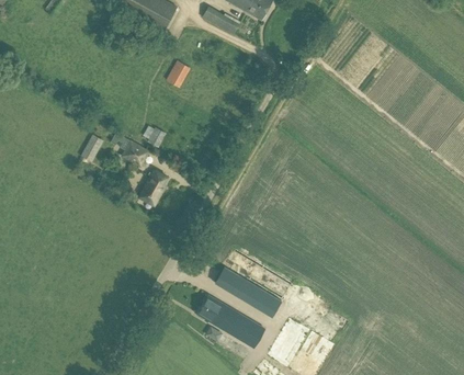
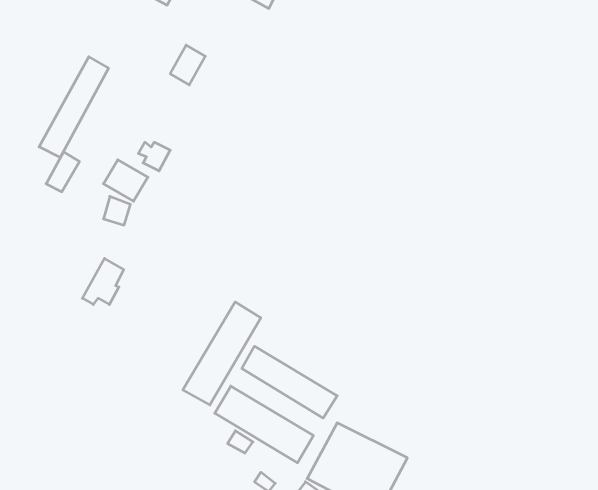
building: none -> [39,57,108,157]
building: [138,169,167,201] -> [82,258,124,305]
building: none -> [183,302,261,405]

